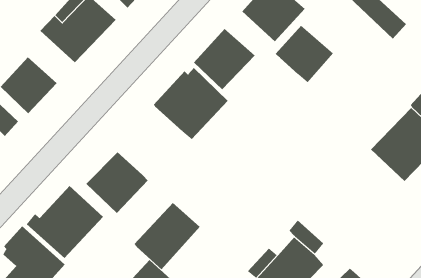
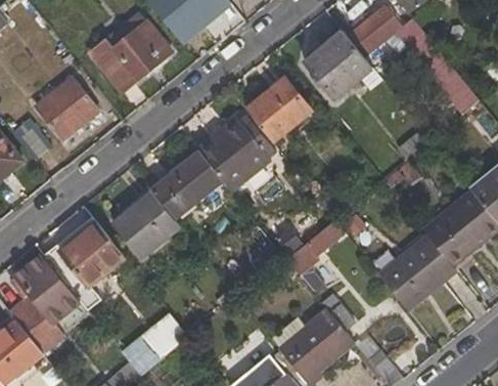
building: [275,25,334,83] -> none
building: none -> [285,218,344,293]
building: none -> [378,234,455,311]
building: [134,202,200,270] -> [149,149,223,220]

